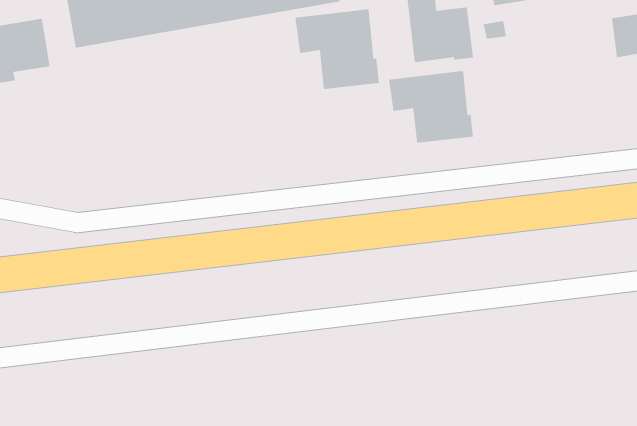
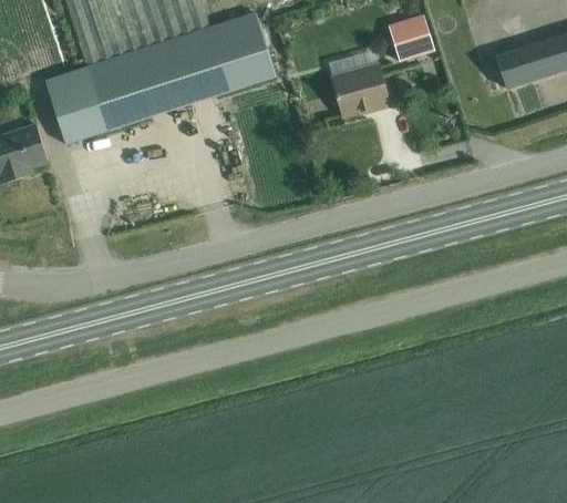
building: [294,8,380,90] -> none
building: [388,70,474,143] -> none

